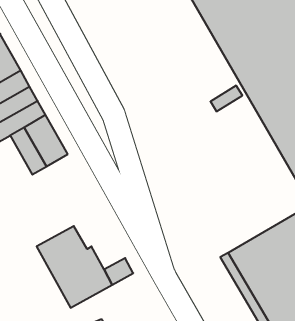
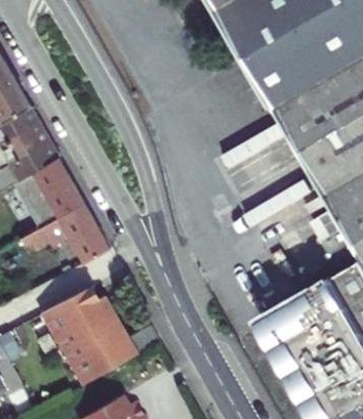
building: none -> [21,204,110,263]

